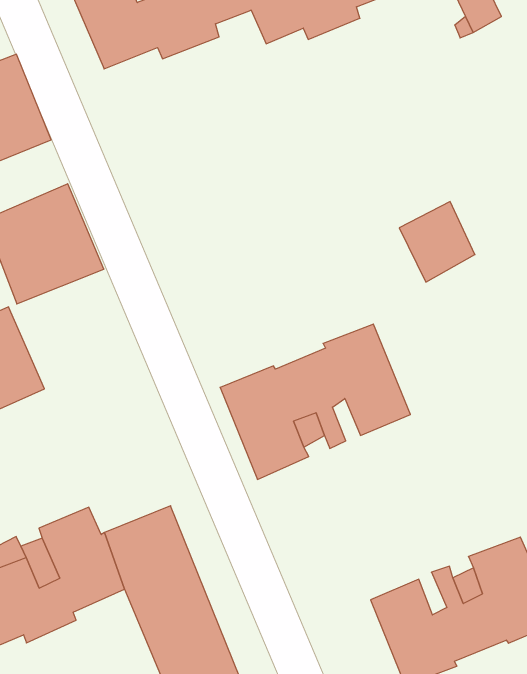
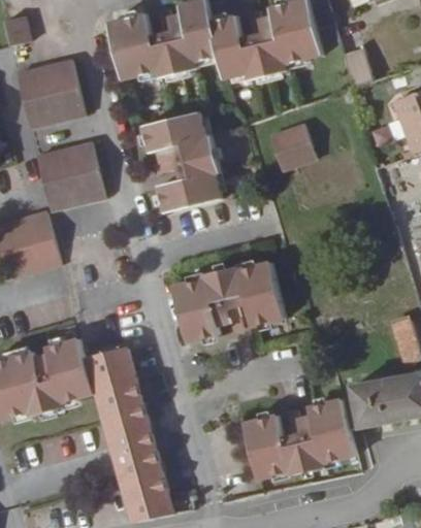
building: none -> [143,113,220,212]
building: [399,202,475,282] -> [271,126,315,172]

